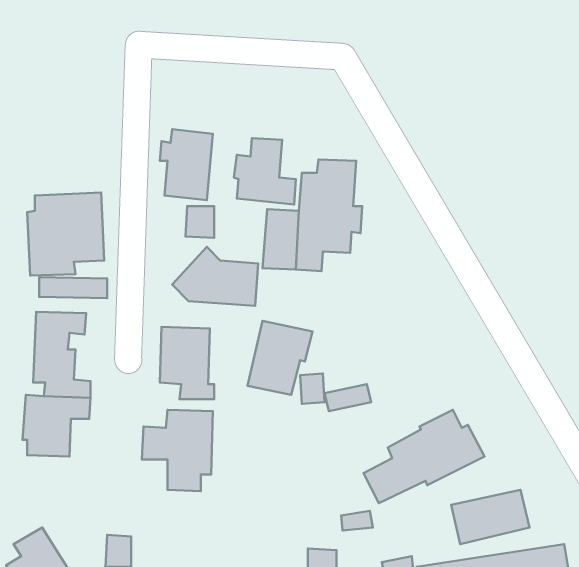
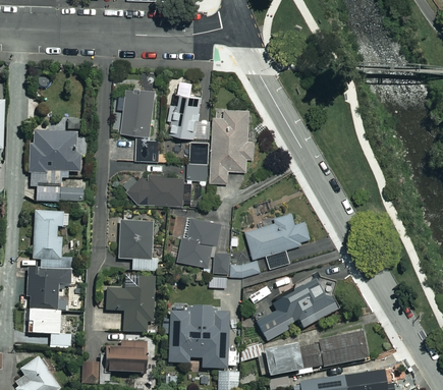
building: none -> [244,212,312,268]
building: none -> [168,305,228,368]
building: none -> [27,308,70,346]
building: none -> [105,341,145,372]
building: none -> [264,342,318,375]

